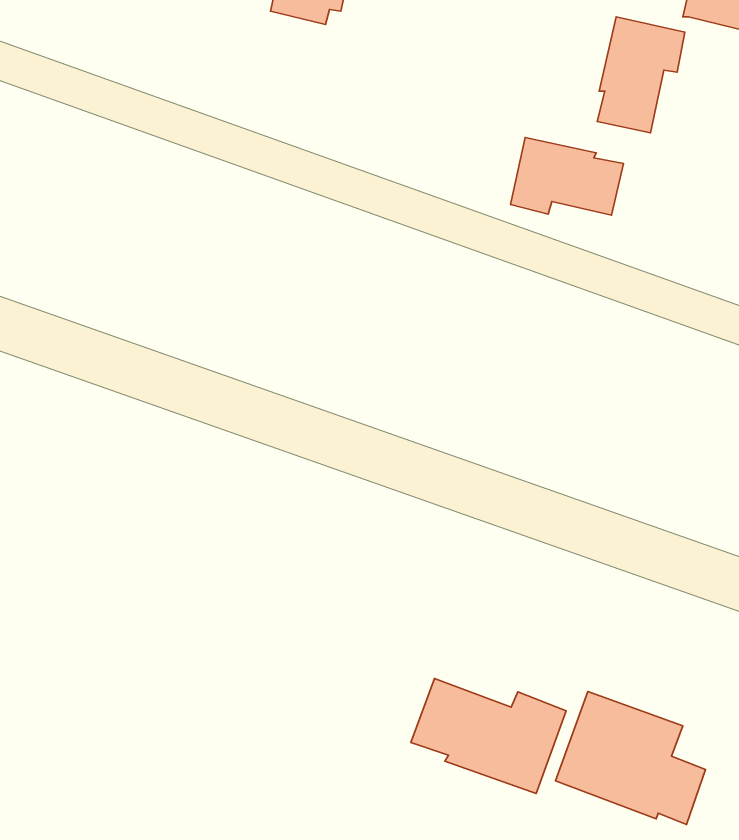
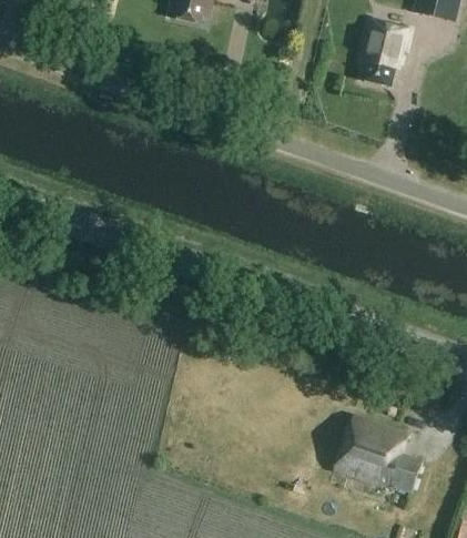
building: [510,138,623,215] -> none
building: [411,679,566,793] -> none

